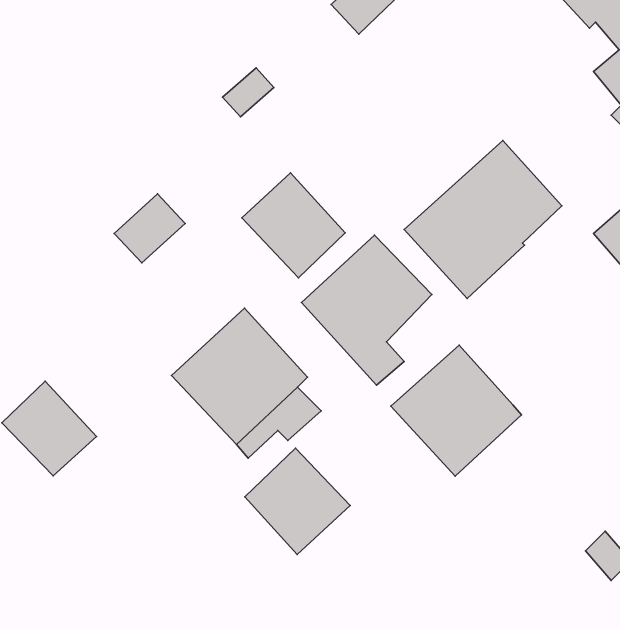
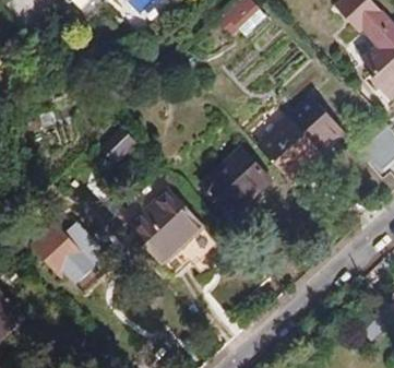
building: [242,173,345,278] -> none
building: [391,345,521,476] -> none
building: [245,448,350,554] -> none

